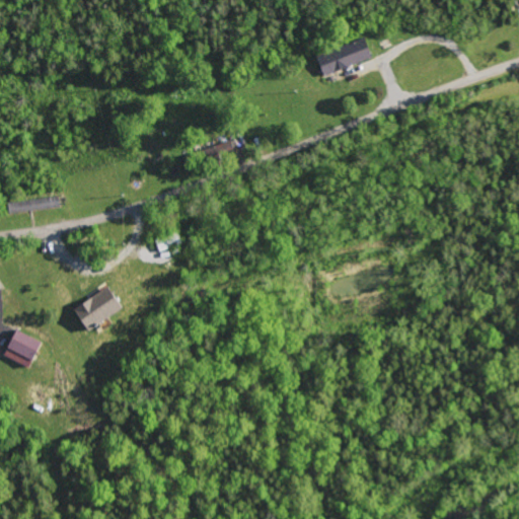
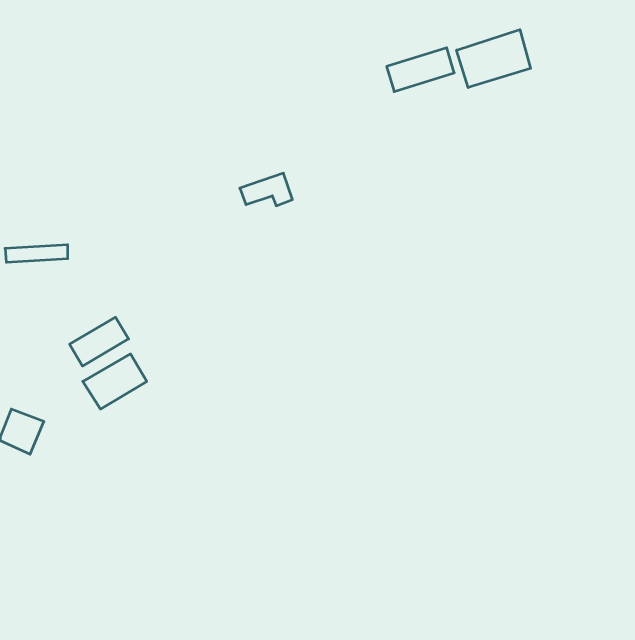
building: none -> [457,30,531,88]
building: none -> [70,317,129,366]

